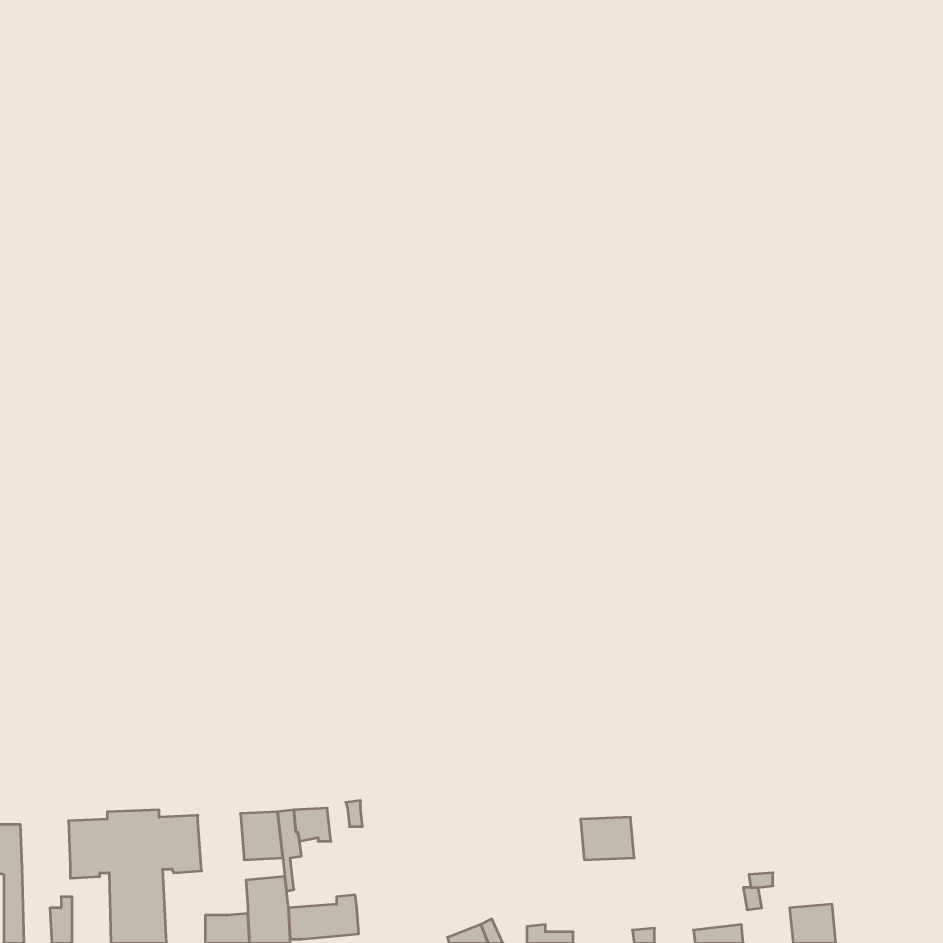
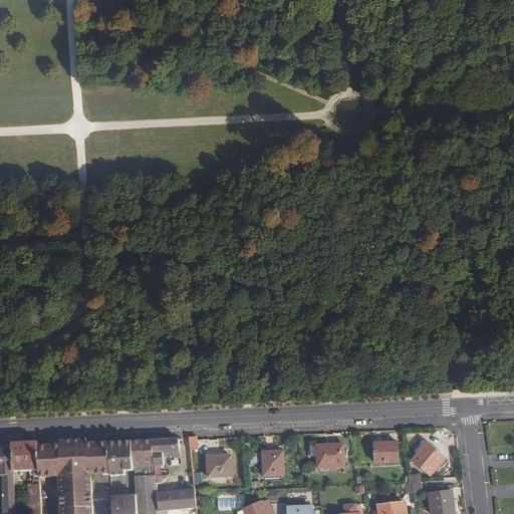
building: none -> [11,442,38,471]
building: none -> [107,442,133,477]
building: none -> [373,442,398,463]
building: none -> [412,443,445,475]
building: none -> [261,451,283,475]
building: none -> [206,455,231,477]

